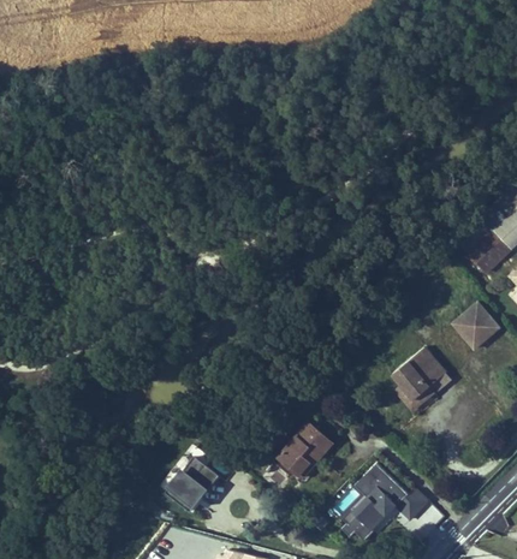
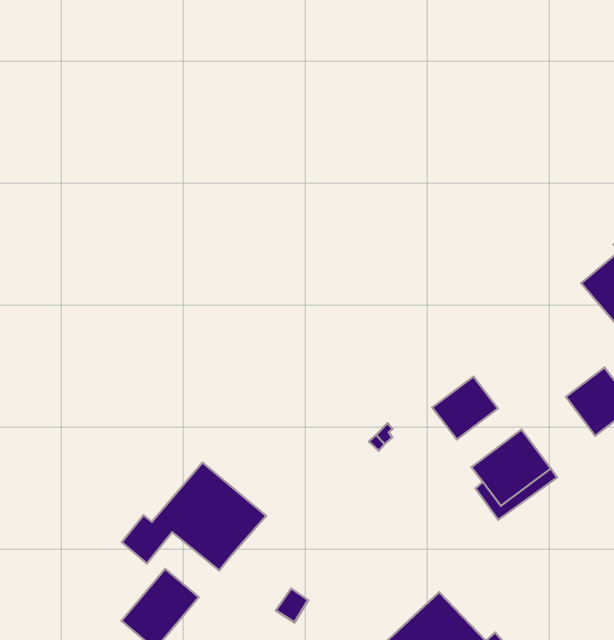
building: none -> [432,376,498,440]
building: none -> [122,462,266,571]
building: [273,421,328,476] -> none

